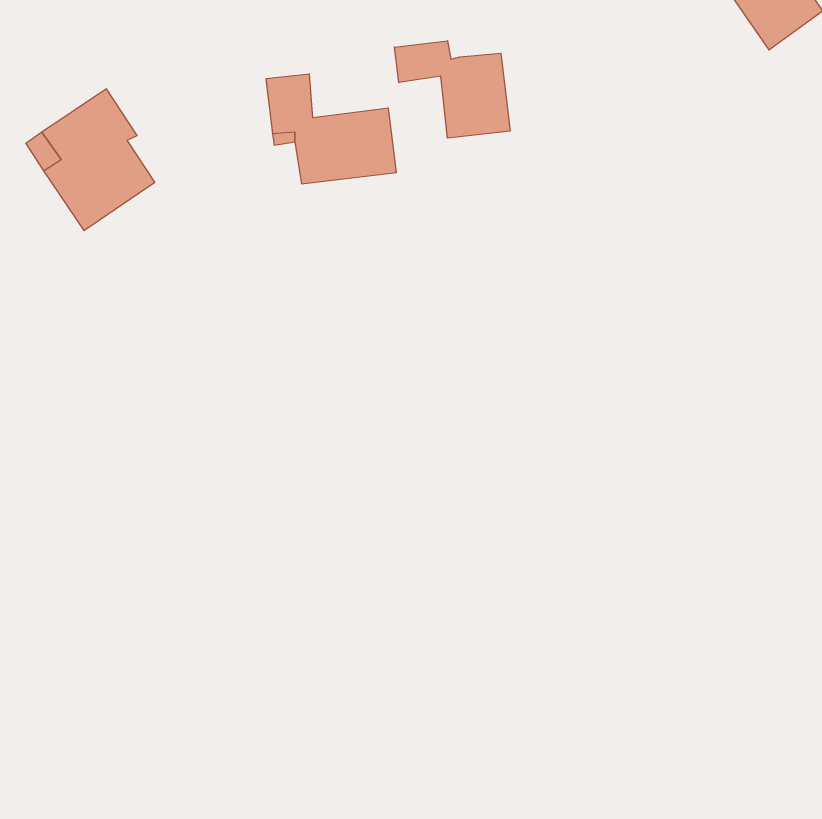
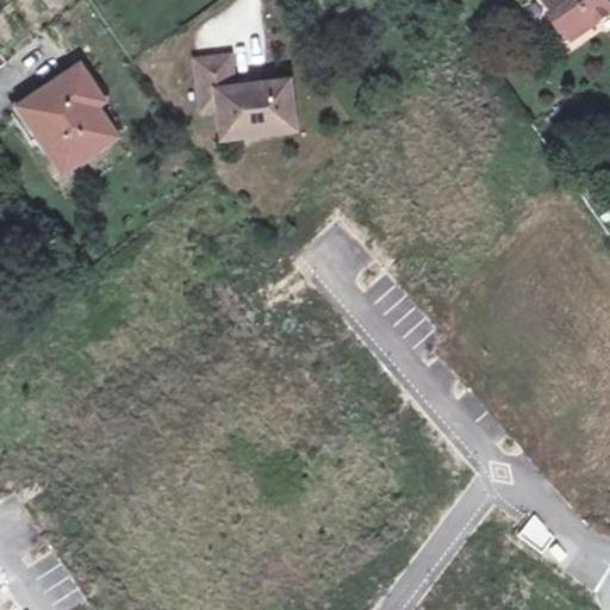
building: [394,41,510,138] -> none

